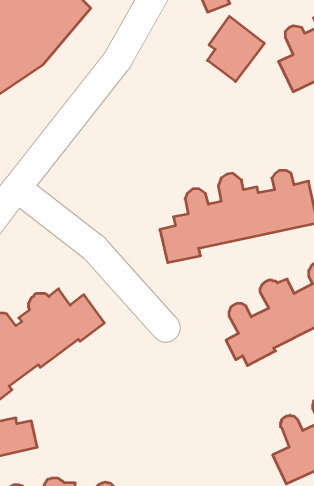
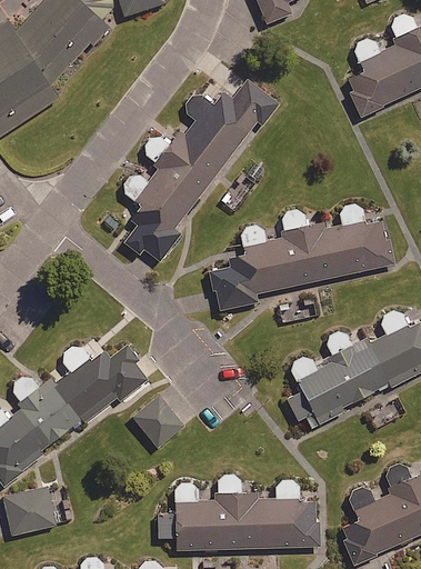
building: [207,16,264,82] -> none
building: none -> [121,81,278,262]
building: none -> [133,398,182,449]
building: none -> [158,476,320,551]

